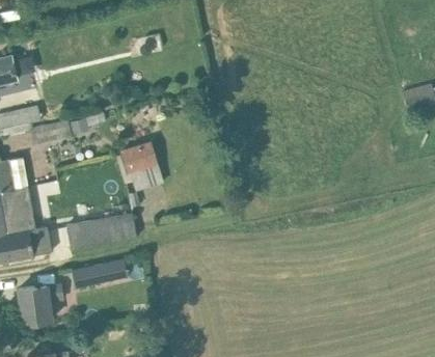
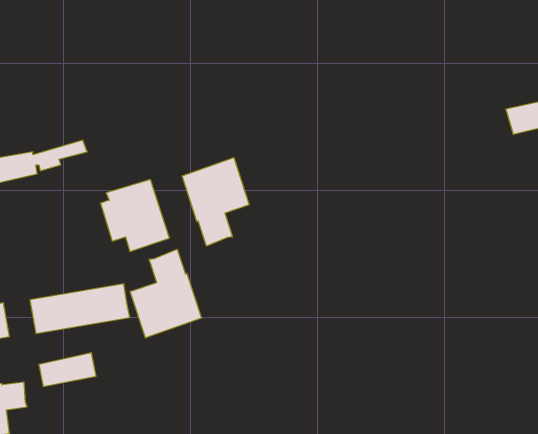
building: none -> [182,158,249,246]
building: none -> [130,249,201,338]

